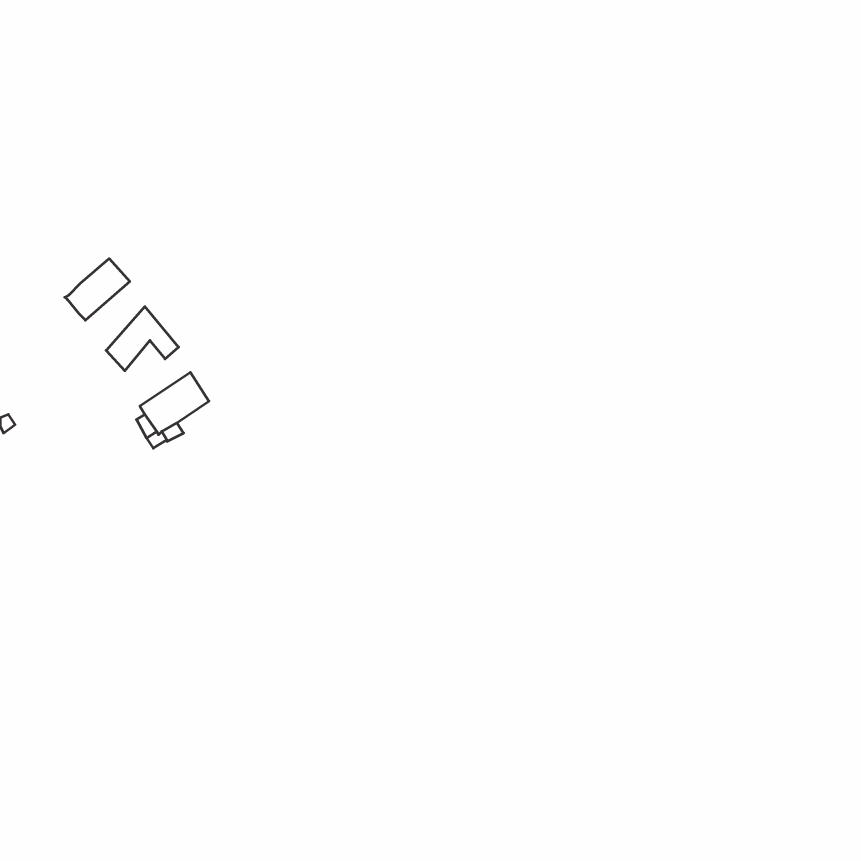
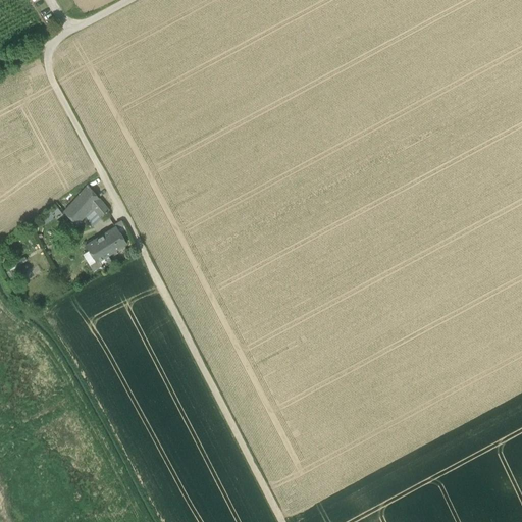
building: [65,259,130,320] -> none

